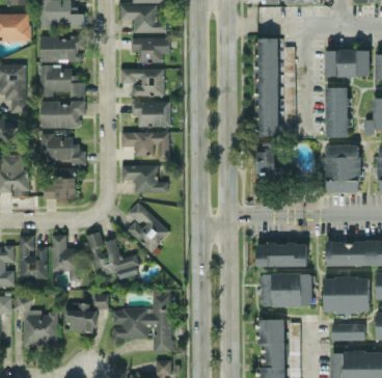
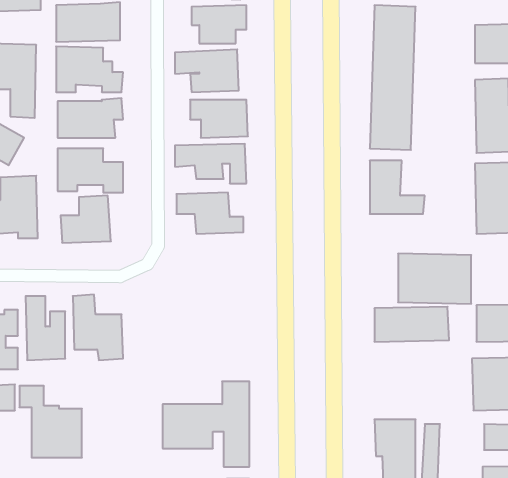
building: [127,203,169,252] -> none
building: [86,232,139,279] -> none
building: [262,273,311,307] -> [398,254,471,304]
building: [63,294,108,333] -> none

